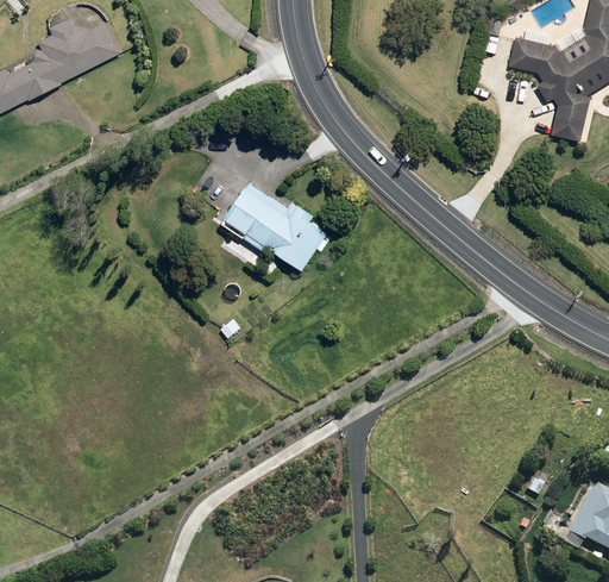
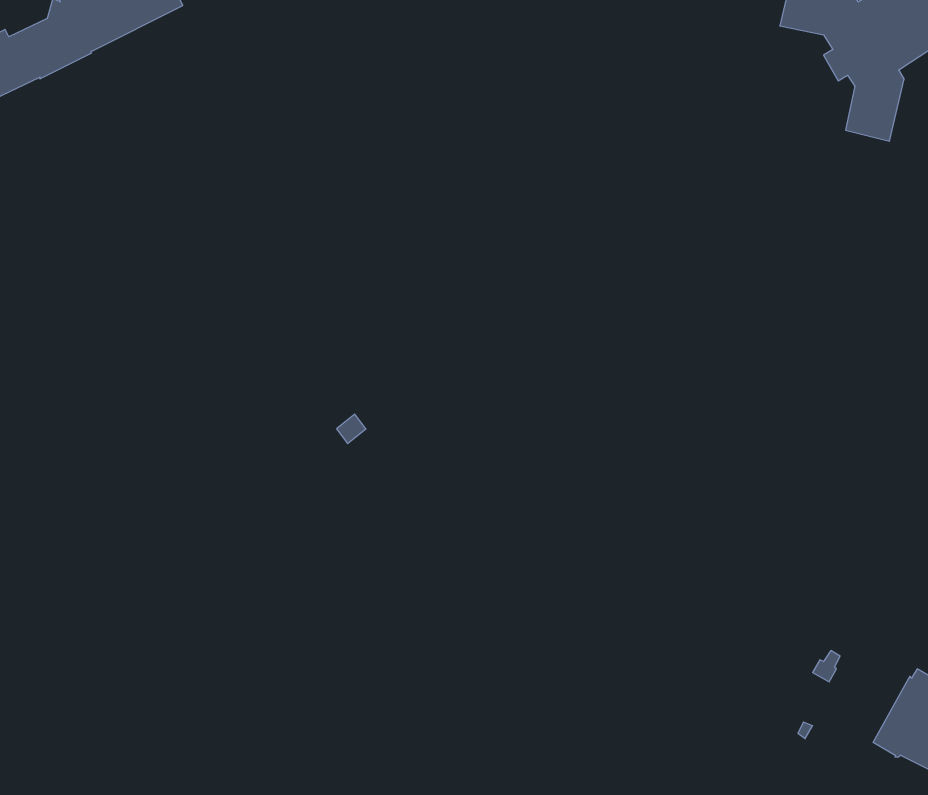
building: [224,181,327,270] -> none

